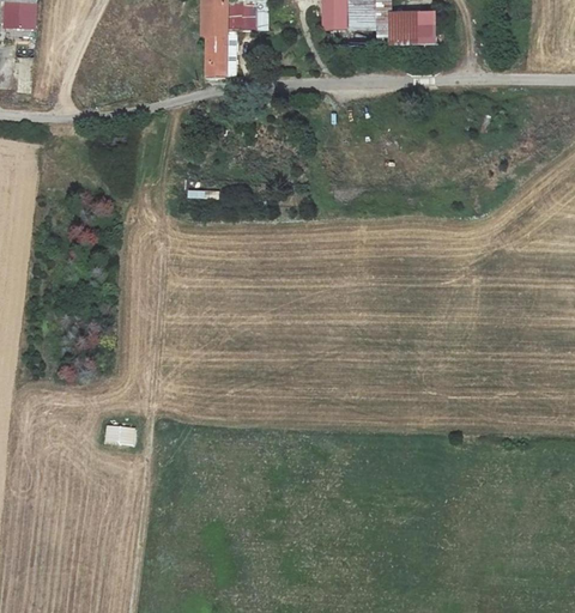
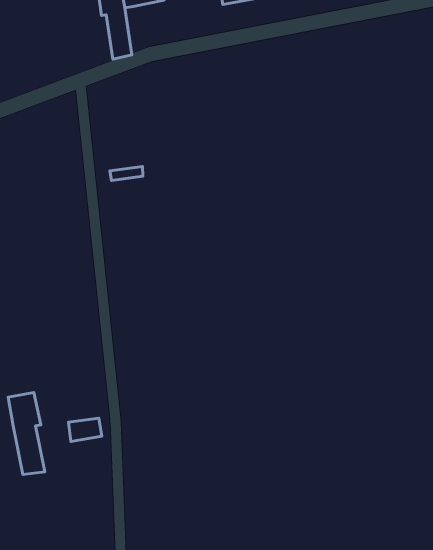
building: none -> [8,393,45,474]

